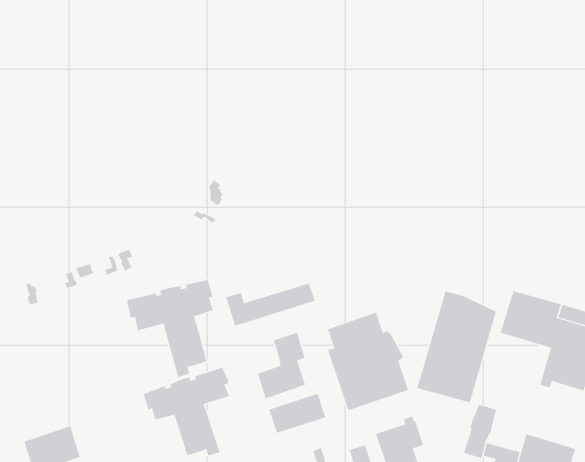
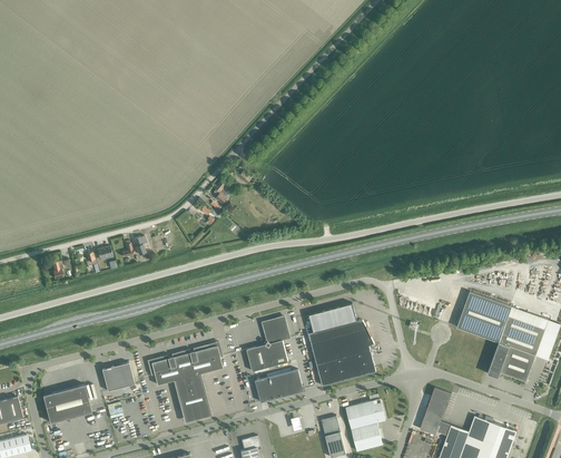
building: [127,279,214,378] -> none
building: [226,283,315,327] -> none
building: [417,291,496,403] -> none
building: none -> [100,362,134,391]

